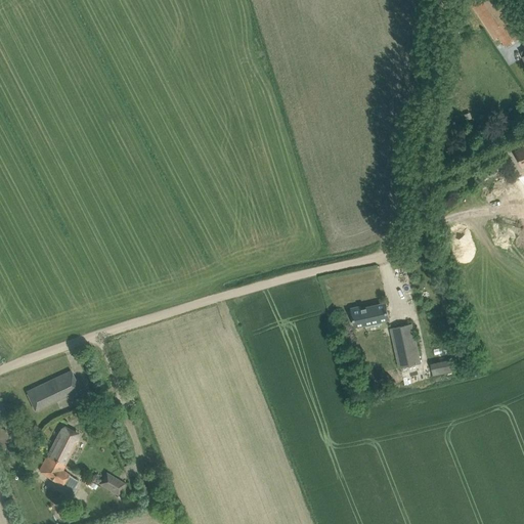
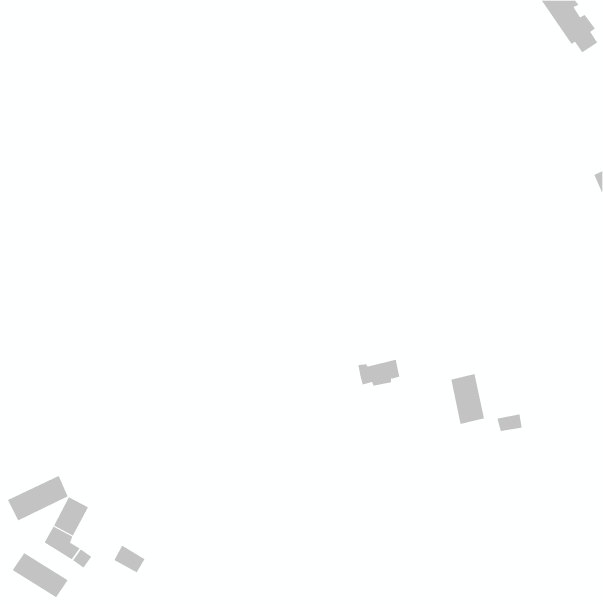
building: [351,303,388,326] -> [357,359,400,386]
building: [26,370,79,410] -> [7,475,69,521]
building: none -> [12,552,68,598]

